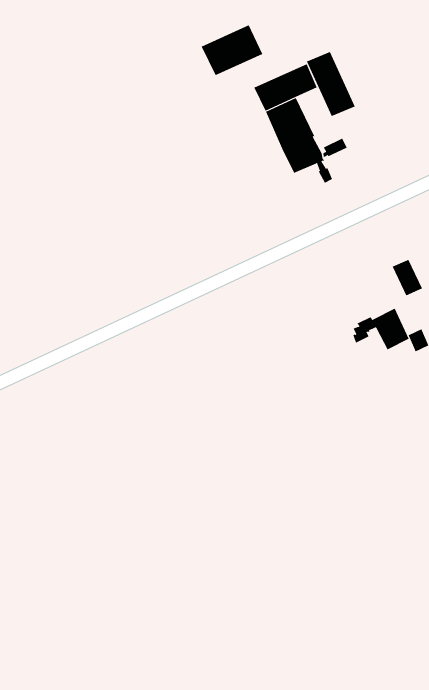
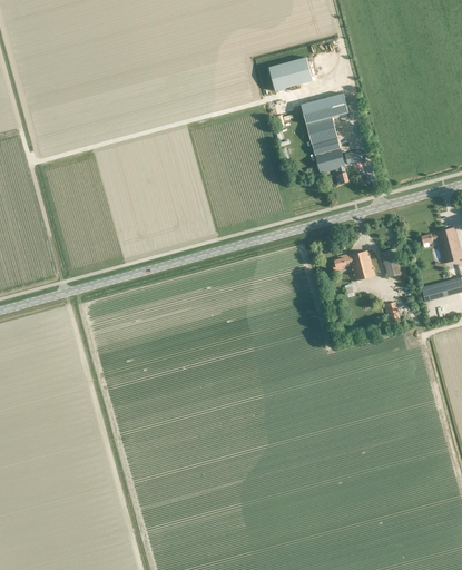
building: [306,51,355,117] -> none
building: [352,308,409,350] -> [332,250,373,281]

